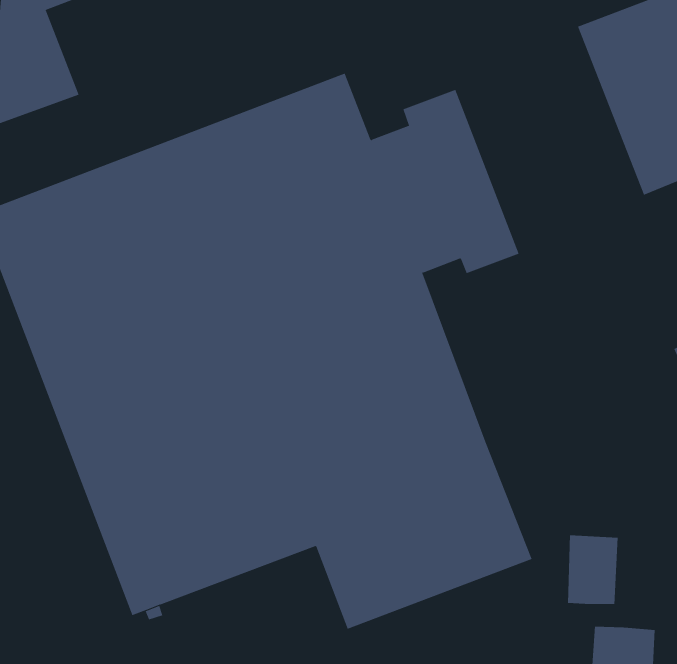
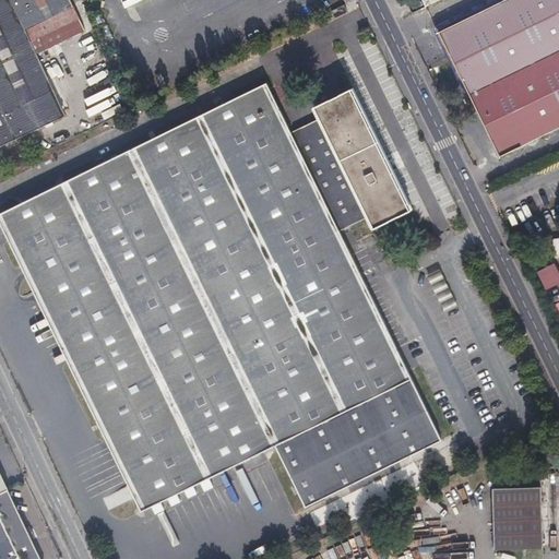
building: [568,535,618,605] -> none

